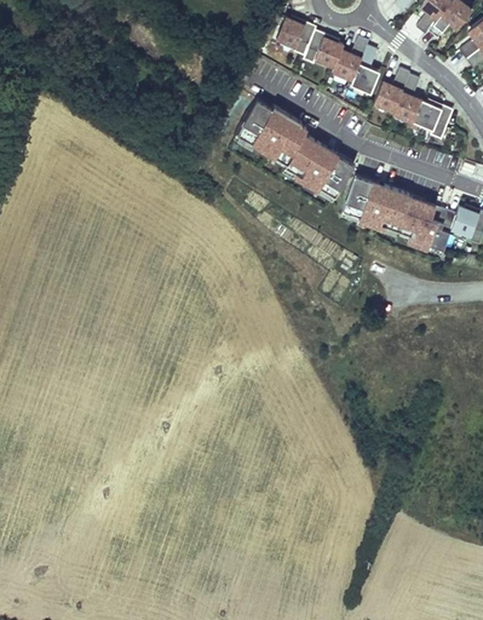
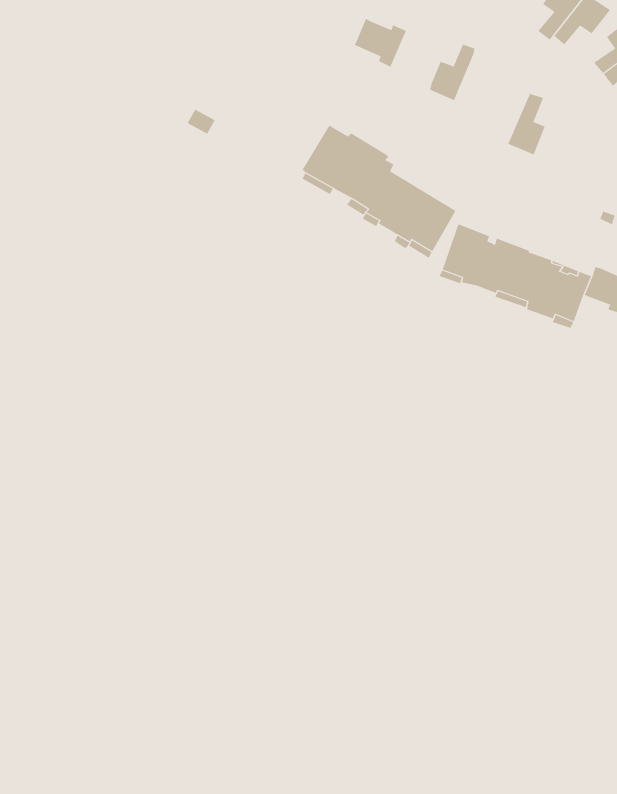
building: [303,30,343,68] -> none
building: [350,46,379,93] -> none
building: [373,69,410,111] -> none
building: [413,101,453,138] -> none

